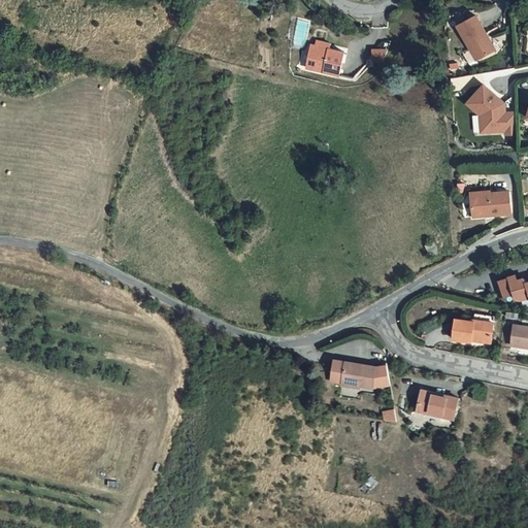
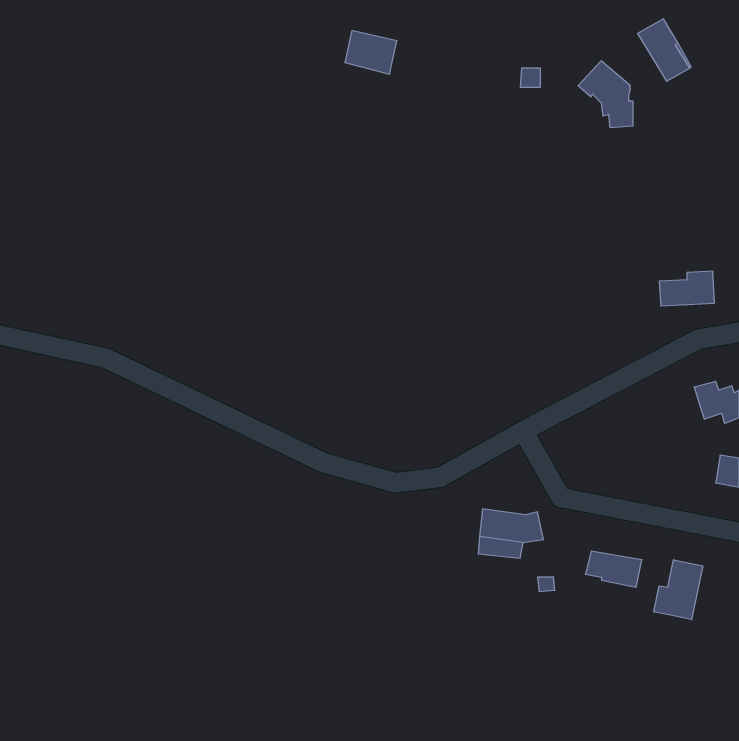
building: [305,44,342,75] -> [345,31,397,74]
building: [464,81,503,129] -> [578,61,633,127]
building: [451,318,491,341] -> none
building: none -> [654,560,703,620]

